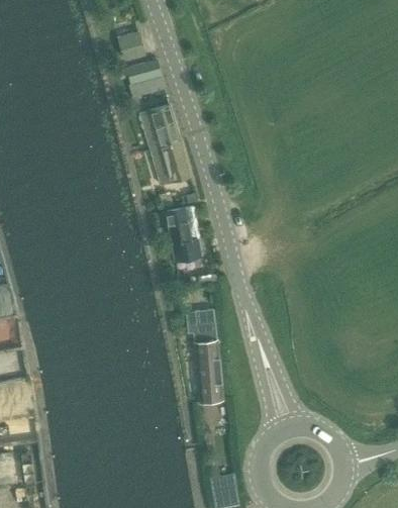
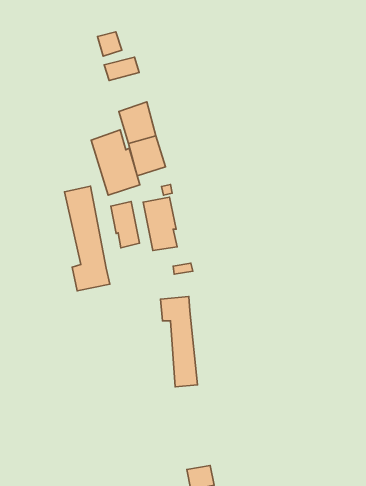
building: none -> [91,130,140,195]
building: none -> [64,186,110,291]
building: none -> [111,202,139,248]

